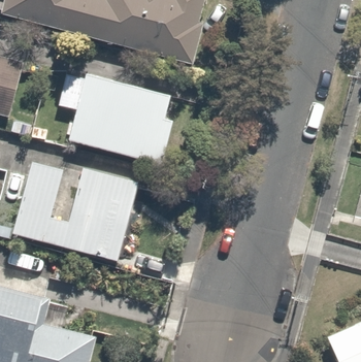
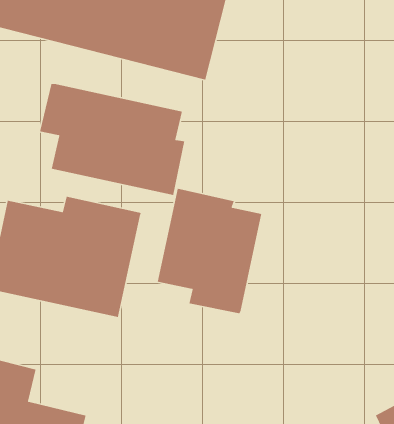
building: none -> [157,188,262,314]

